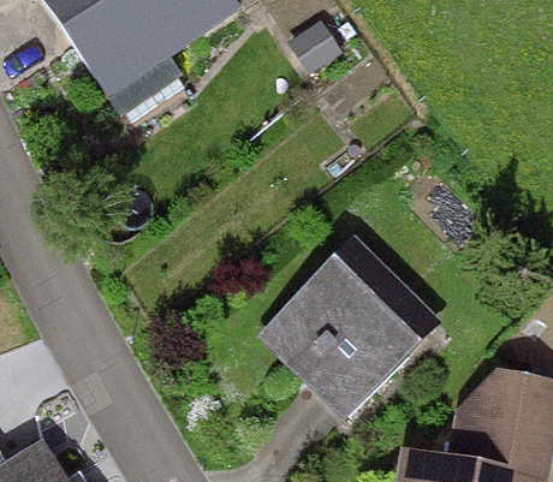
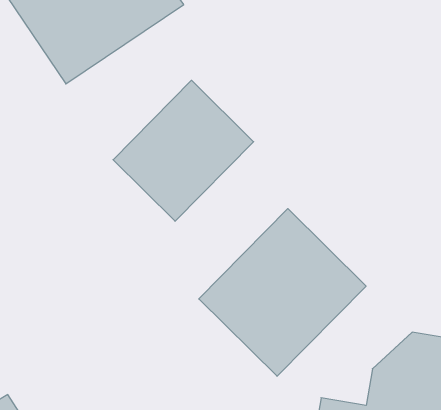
building: none -> [113,80,254,221]

